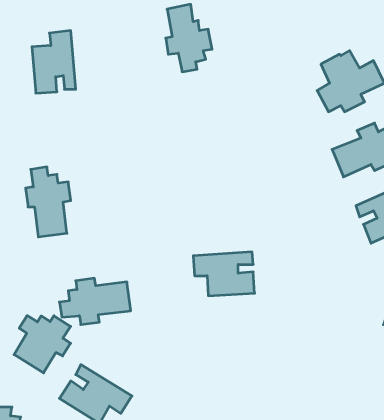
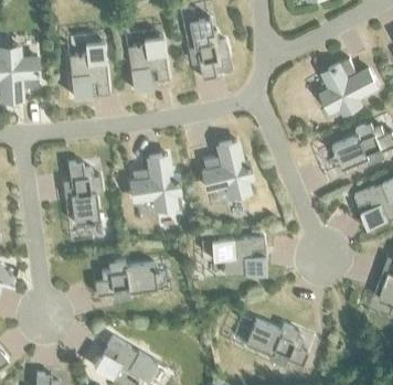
building: none -> [126,35,167,89]
building: none -> [201,139,253,195]
building: none -> [128,154,181,208]
building: [14,316,71,373] -> none
building: none -> [245,318,307,365]

